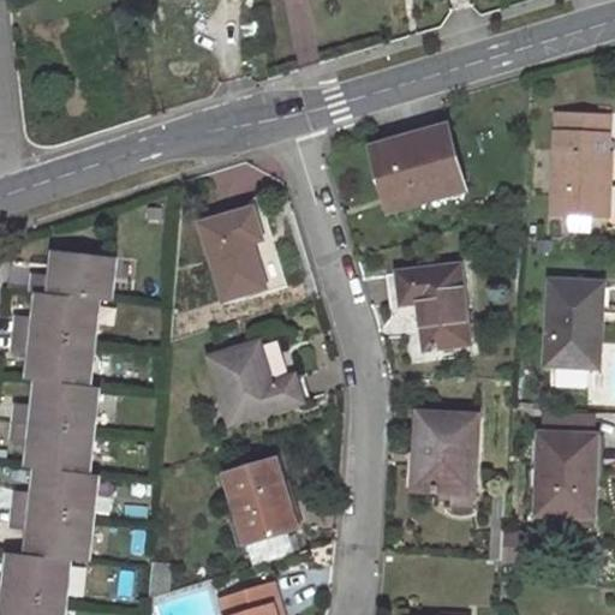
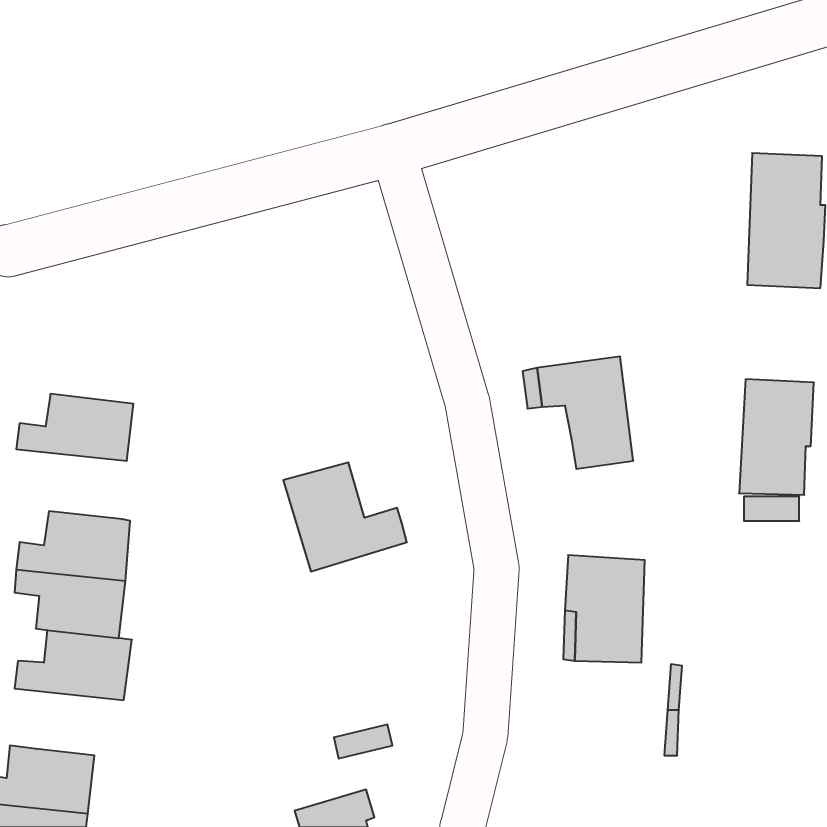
building: [375,125,461,205] -> none
building: [201,207,264,298] -> none
building: [29,249,115,299] -> none
building: [11,332,94,383] -> none
building: [537,432,596,514] -> none
building: [226,458,294,542] -> none
building: [10,508,91,560] -> none

